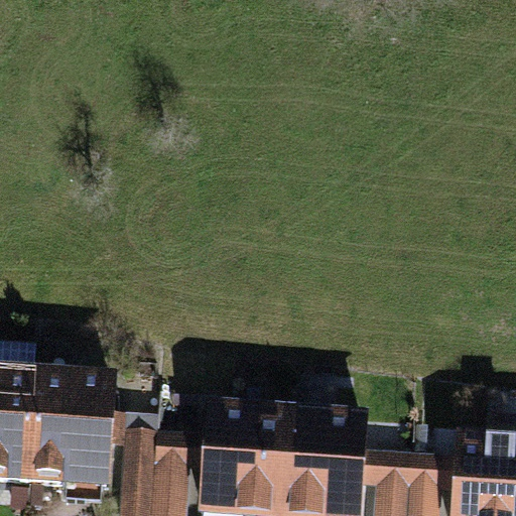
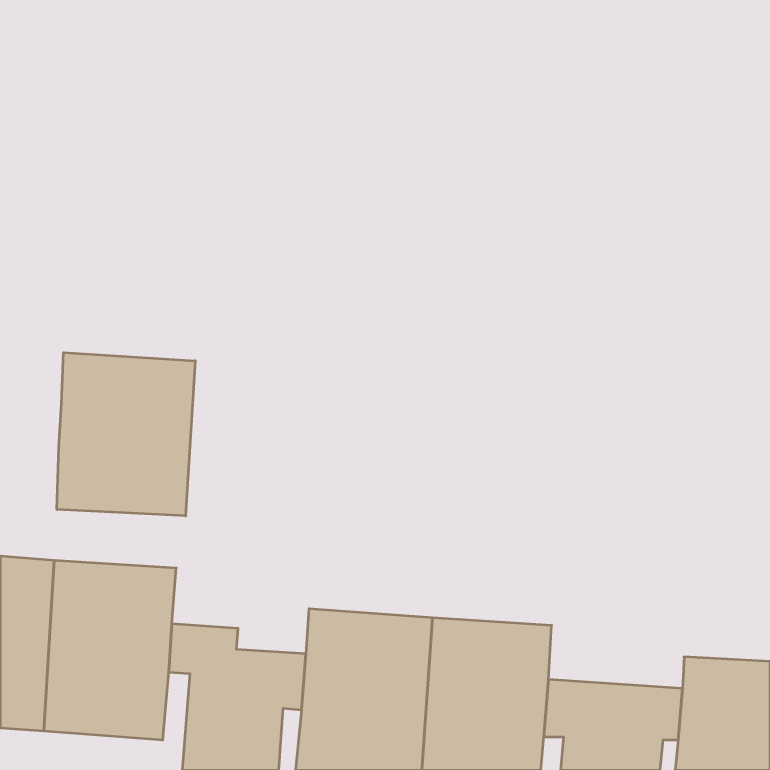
building: none -> [57,353,195,516]

